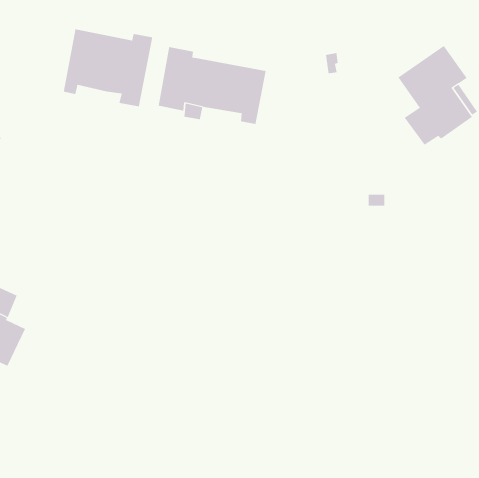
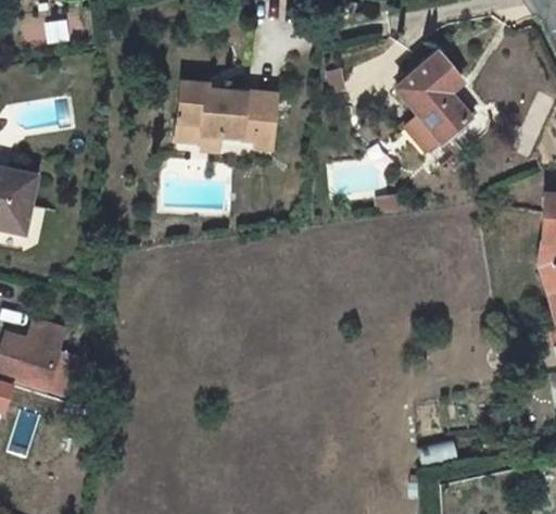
building: [63,29,153,107] -> none

